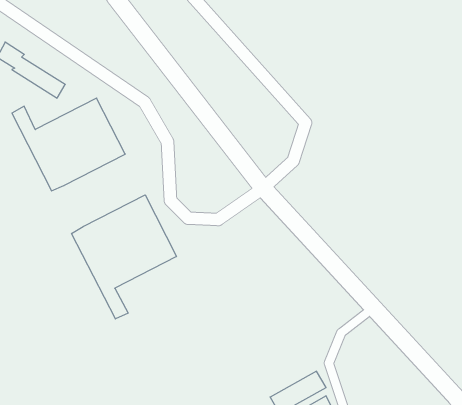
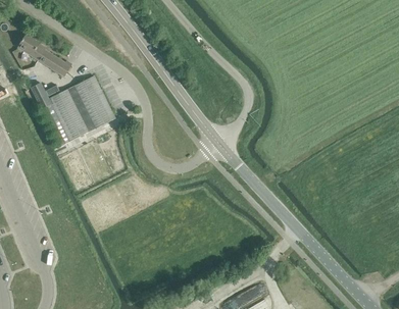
building: [72,195,176,319] -> none

